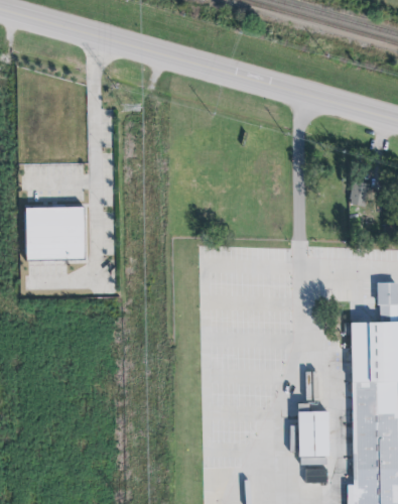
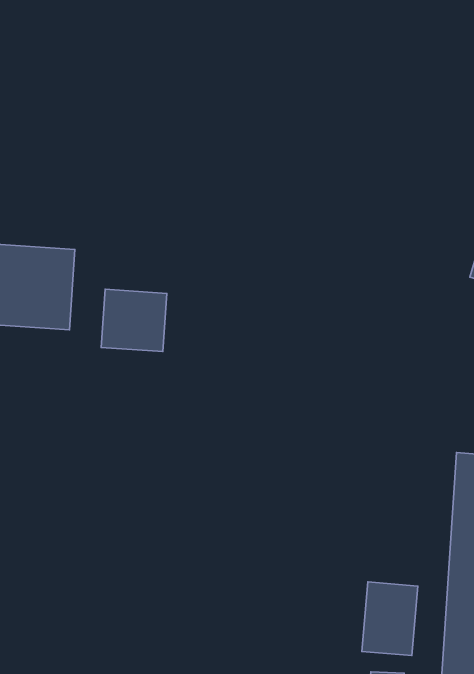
building: none -> [101,289,167,352]

